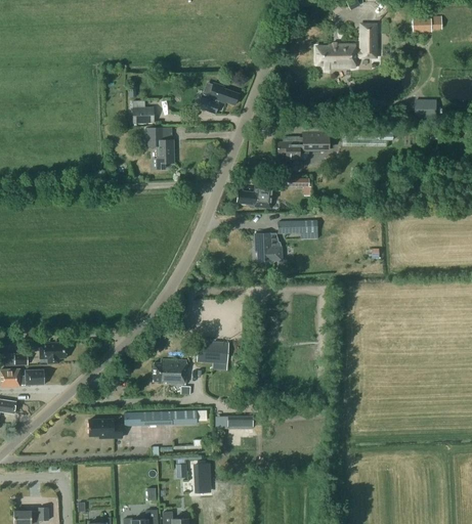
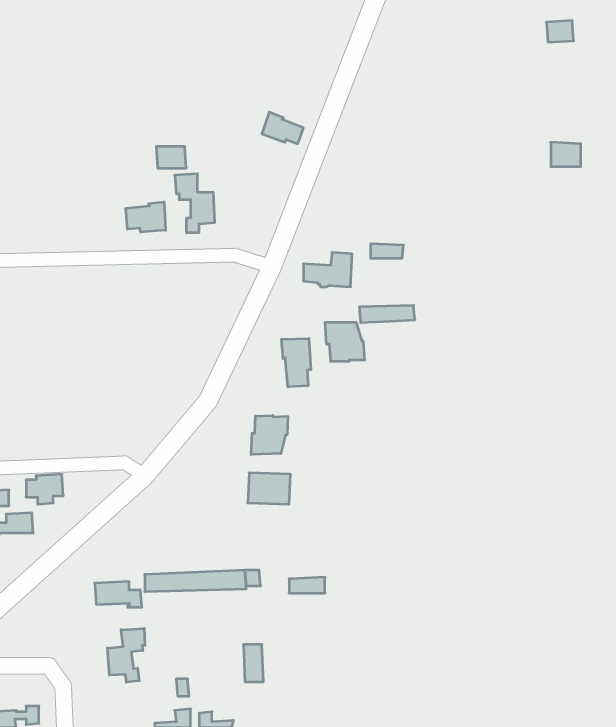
building: [315,24,375,68] -> none
building: [277,132,329,161] -> none
building: none -> [126,202,166,232]
building: none -> [281,338,311,387]
building: none -> [251,415,288,455]
building: [153,360,186,385] -> none
building: none -> [107,628,145,682]

